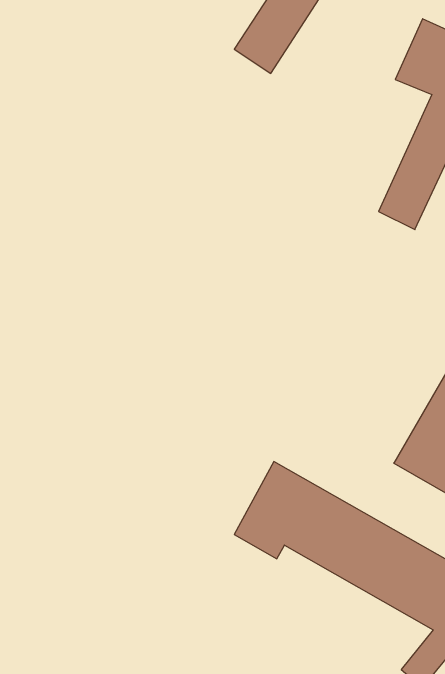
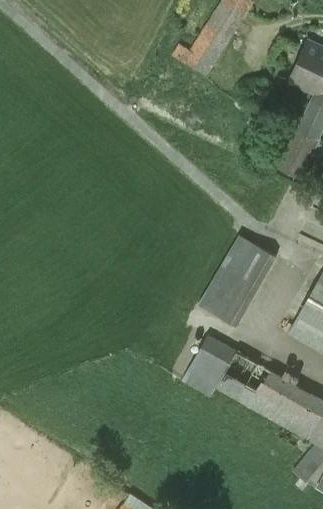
building: none -> [200,233,278,325]

